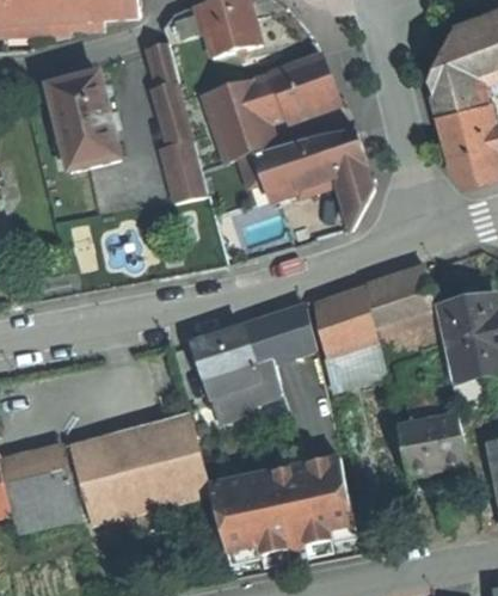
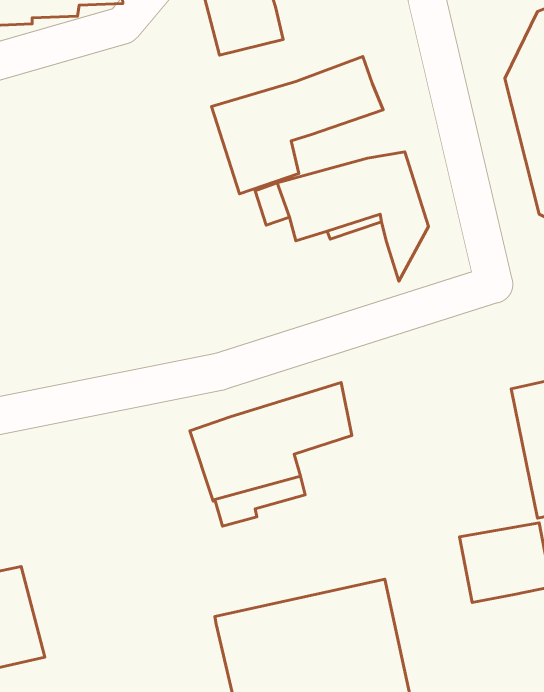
building: [146,41,208,199] -> none
building: [49,72,121,168] -> none
building: [313,265,439,387] -> none
building: [67,414,209,526] -> none

